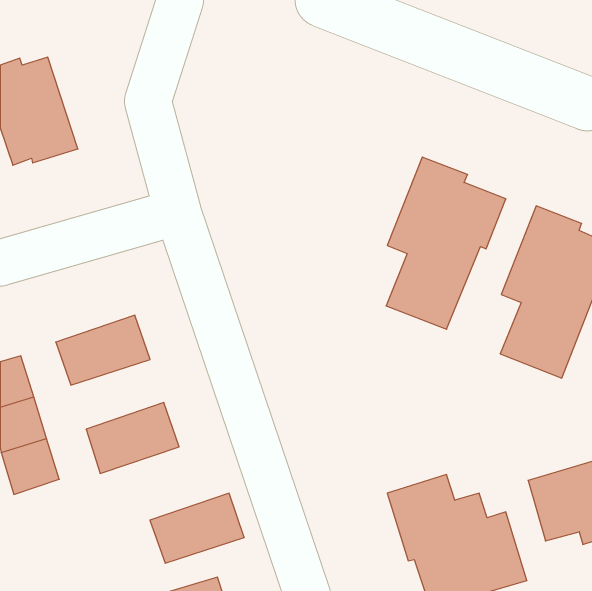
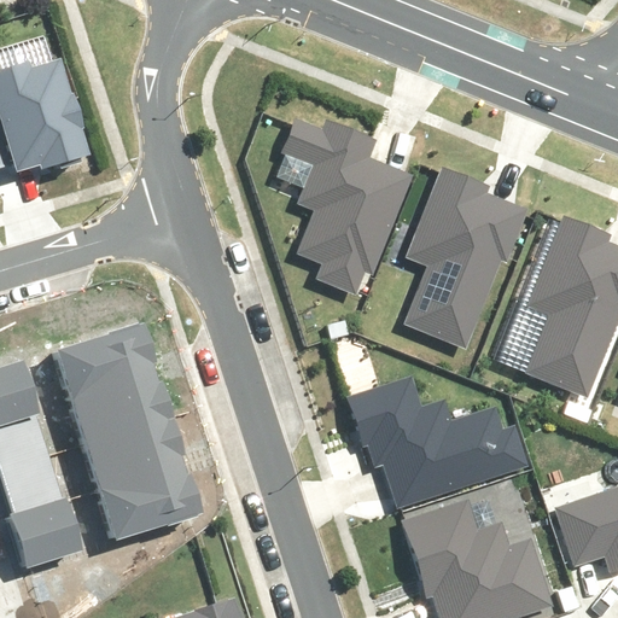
building: none -> [281,119,410,292]
building: none -> [343,372,527,512]
building: none -> [76,377,173,449]
building: none -> [12,501,81,569]
building: [150,493,244,563] -> [106,467,204,540]

